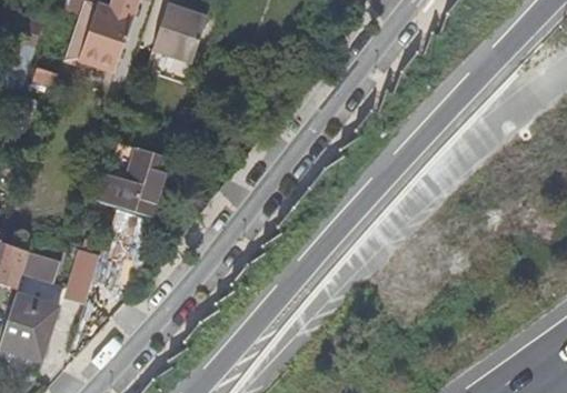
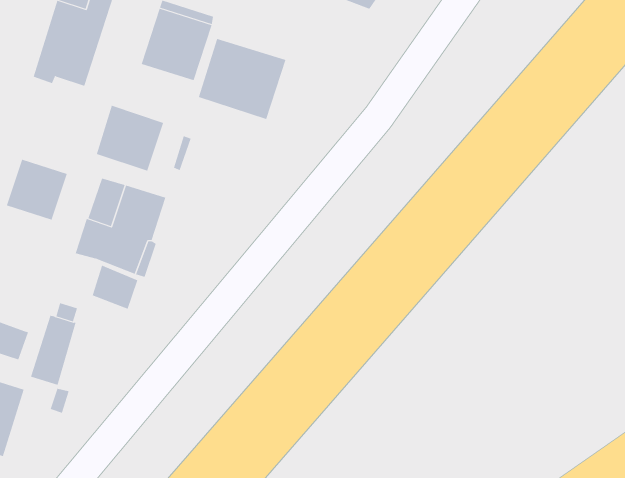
building: none -> [198,38,286,120]
building: none -> [96,105,164,172]
building: none -> [6,159,68,221]

